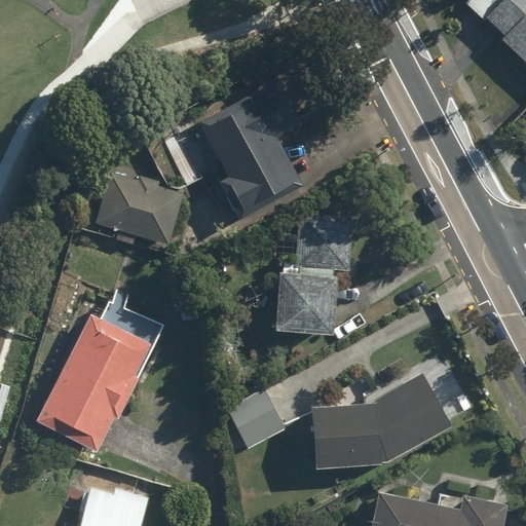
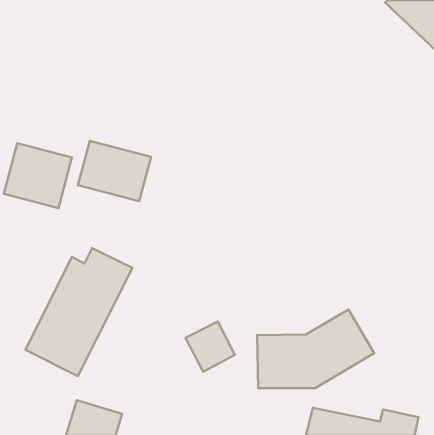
building: [201,79,311,222] -> none
building: none -> [4,143,72,208]
building: [271,214,358,335] -> none

